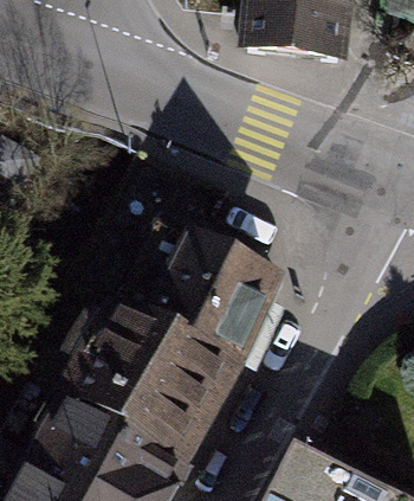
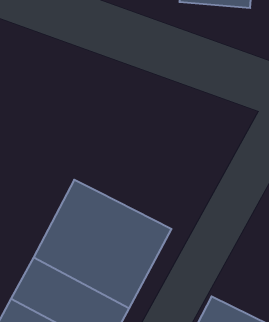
building: [140,232,283,365] -> none

